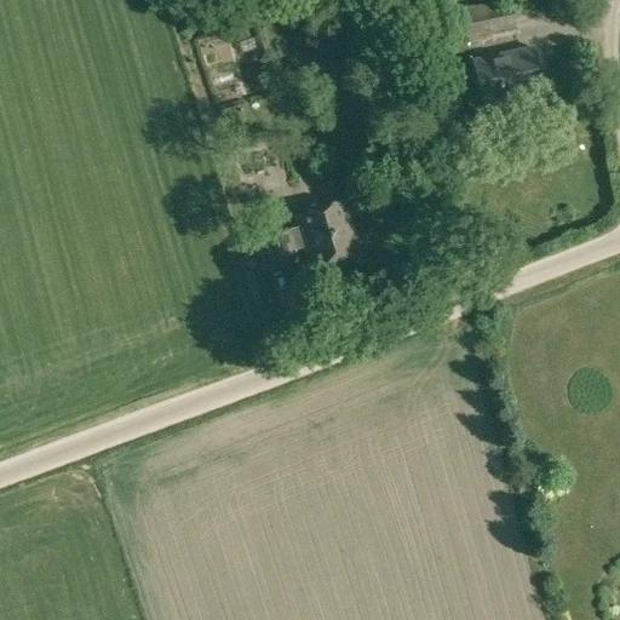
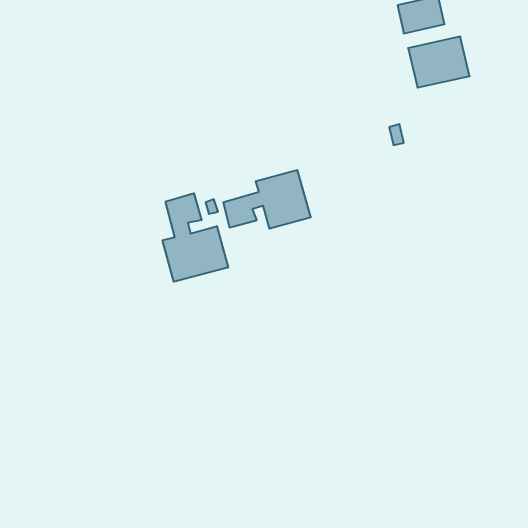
building: none -> [163,193,228,282]

